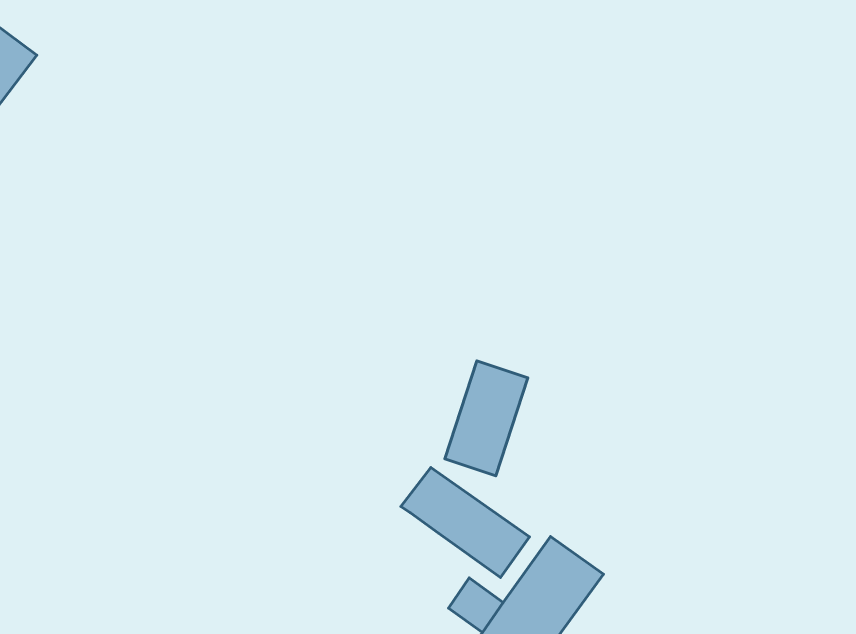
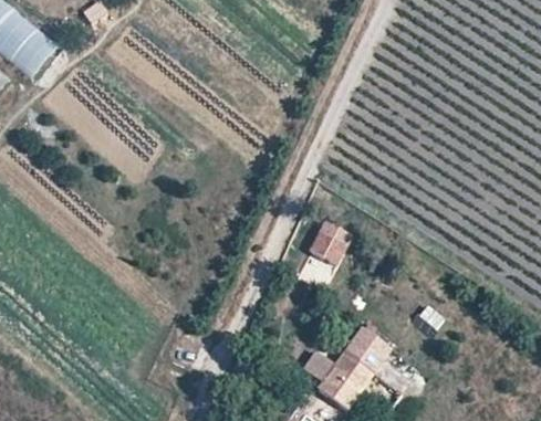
building: [401,467,530,578] -> none

